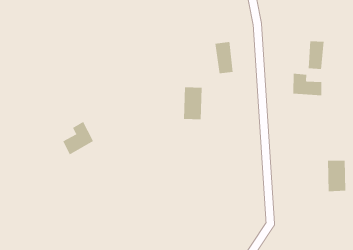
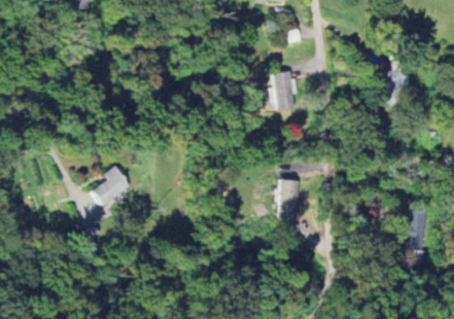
building: [293,73,322,96] -> none
building: [183,87,203,120] -> [278,179,301,218]

